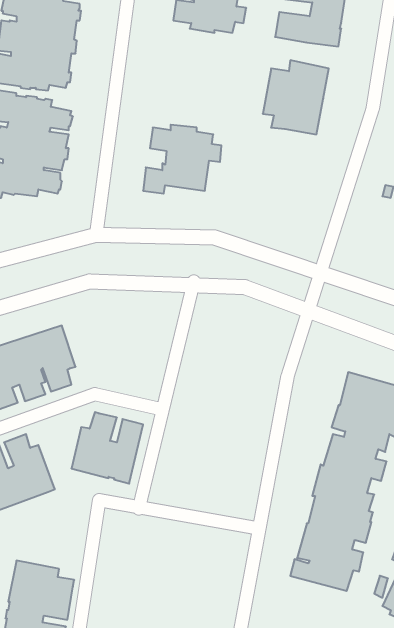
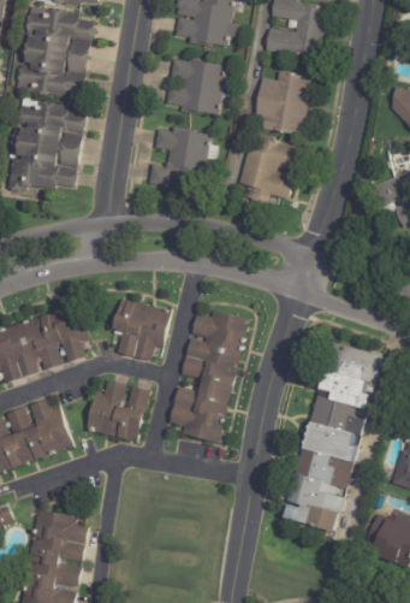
building: none -> [168,55,233,114]
building: none -> [240,136,304,203]
building: none -> [115,296,171,357]
building: none -> [171,308,250,441]

